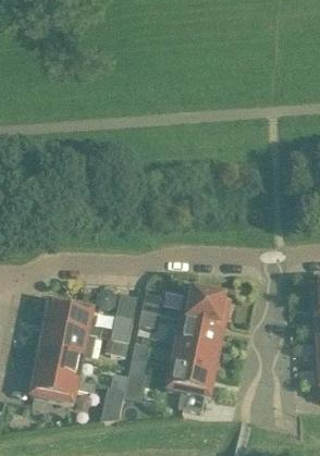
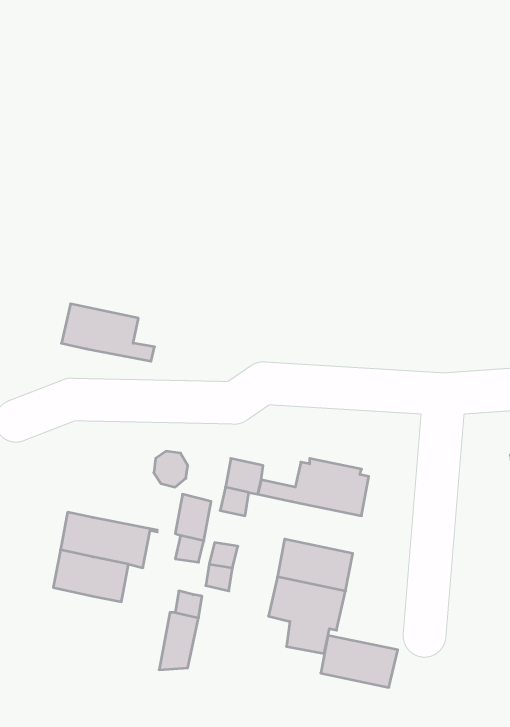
building: [46,300,102,335] -> [61,304,155,361]
building: [177,318,224,349] -> [321,635,398,687]
building: [32,370,95,403] -> none

